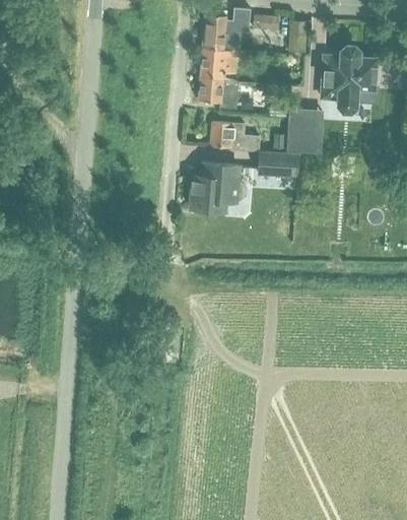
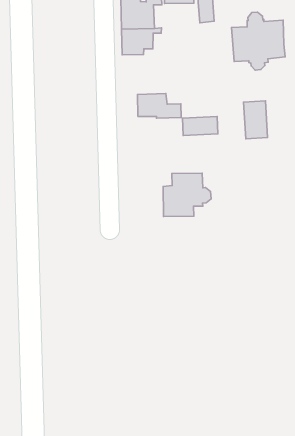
building: [198,77,238,109] -> none
building: [288,110,315,151] -> [244,101,268,139]
building: [191,164,246,213] -> [163,173,211,217]

